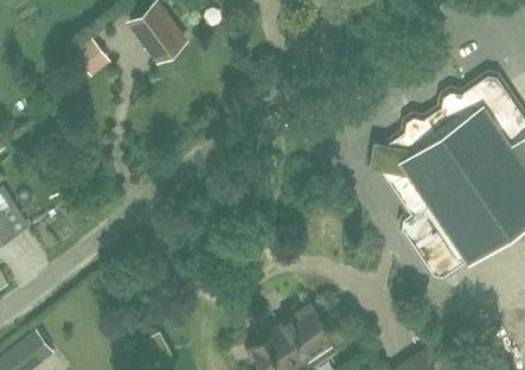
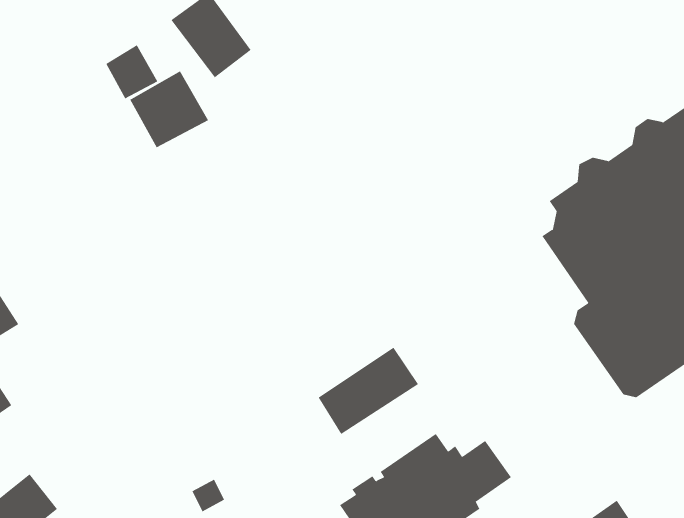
building: none -> [130,71,209,148]
building: none -> [318,347,419,435]

